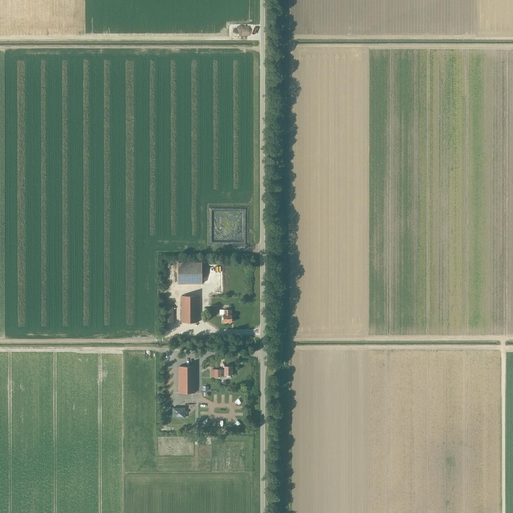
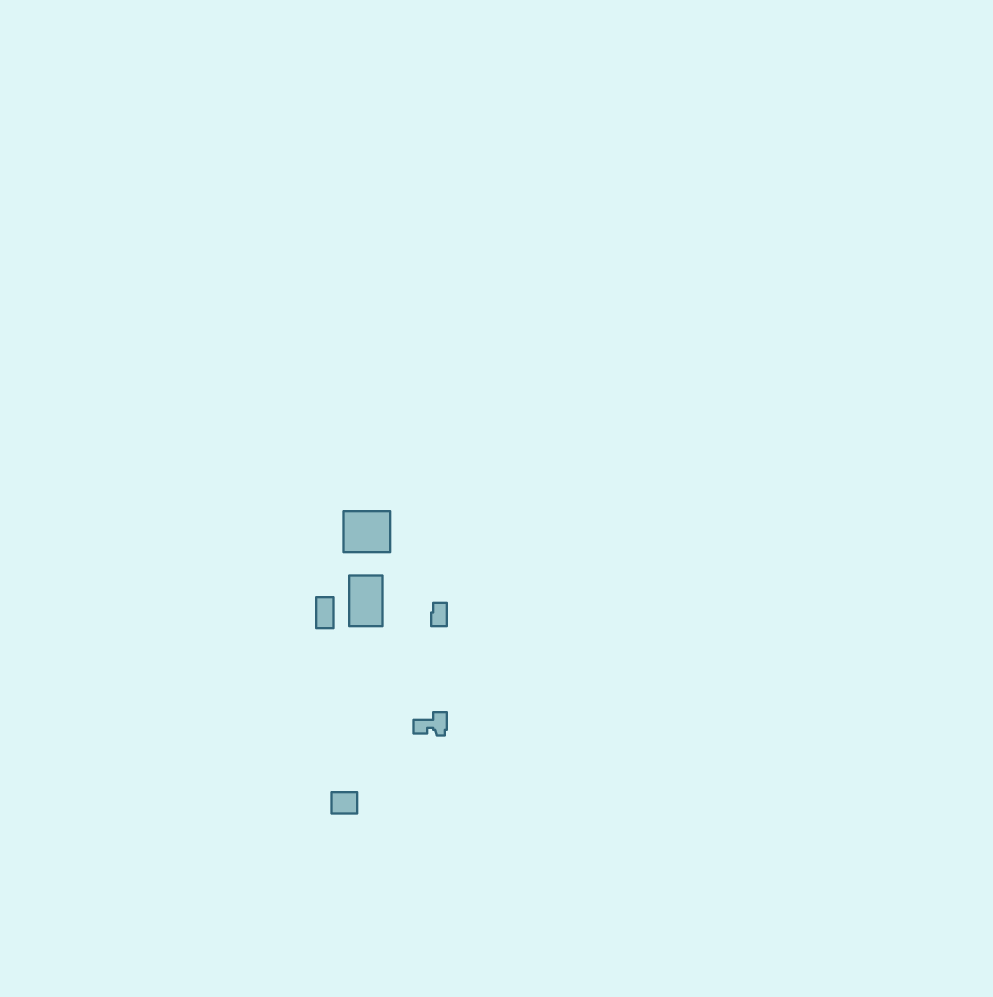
building: [176,366,193,393] -> none

